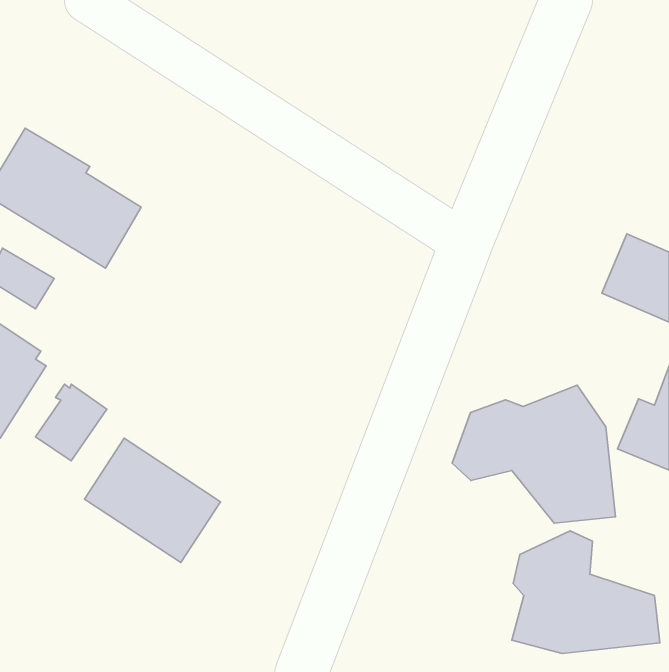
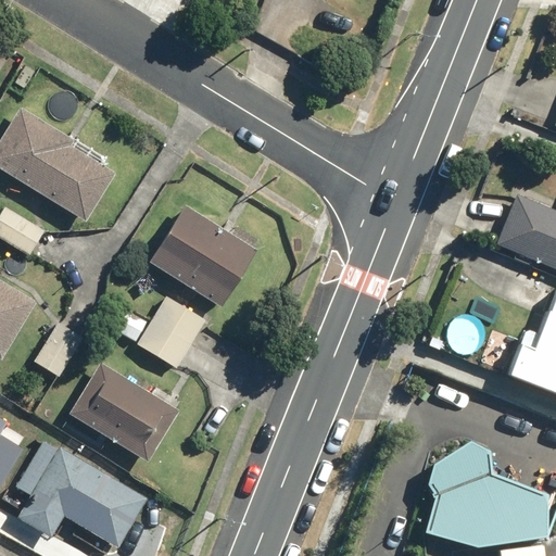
building: none -> [150,204,260,309]
building: none -> [135,296,205,370]
building: [452,385,615,523] -> none
building: none -> [14,442,148,549]

